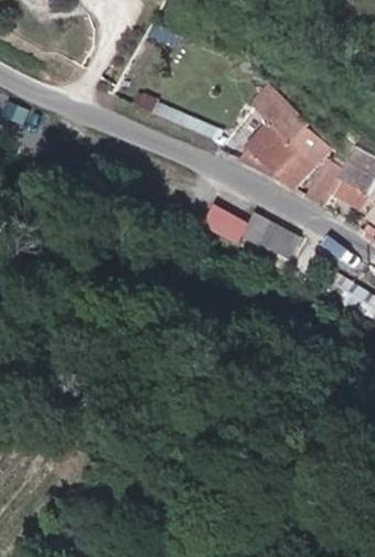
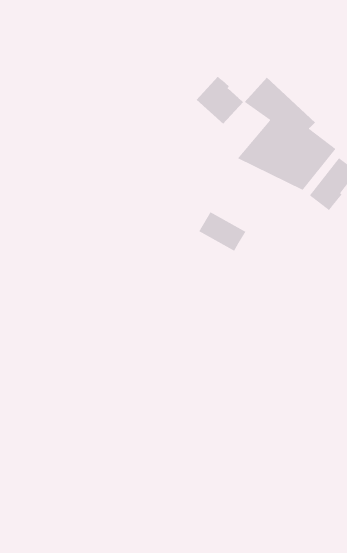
building: none -> [196,76,244,124]
building: [239,212,299,260] -> none

